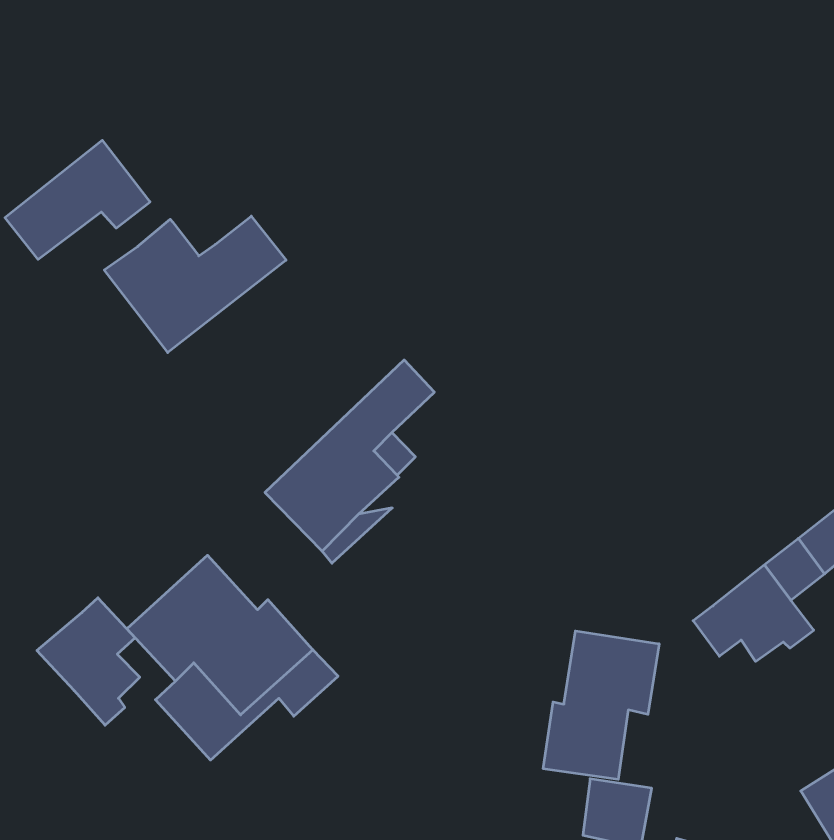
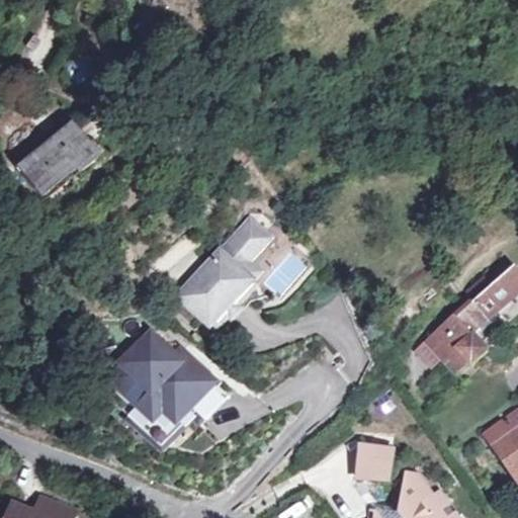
building: [104,216,286,353] -> none
building: [37,598,140,725] -> none
building: [543,631,659,779] -> none

